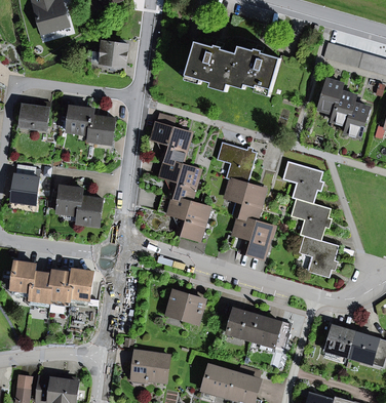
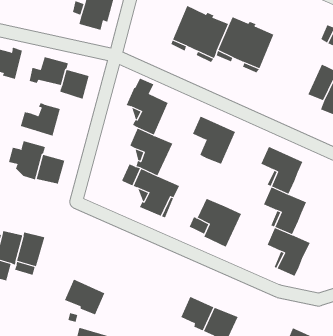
building: none -> [20,102,61,137]
building: [226,179,265,221] -> none
building: [167,291,204,322] -> [64,279,105,315]

